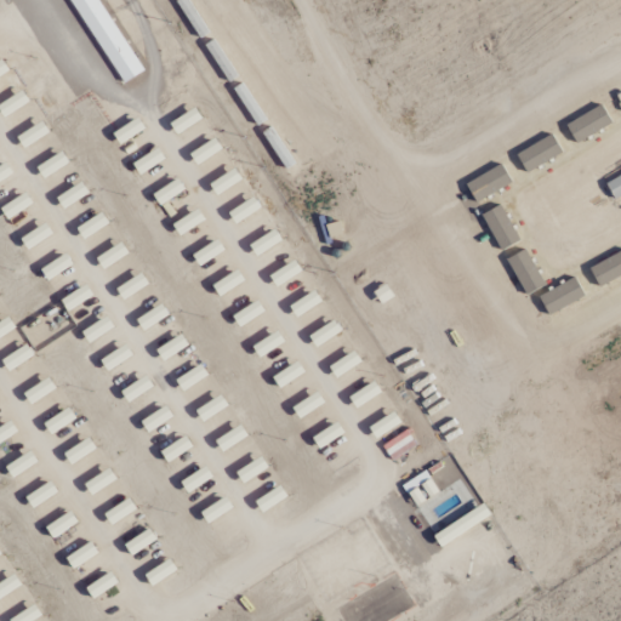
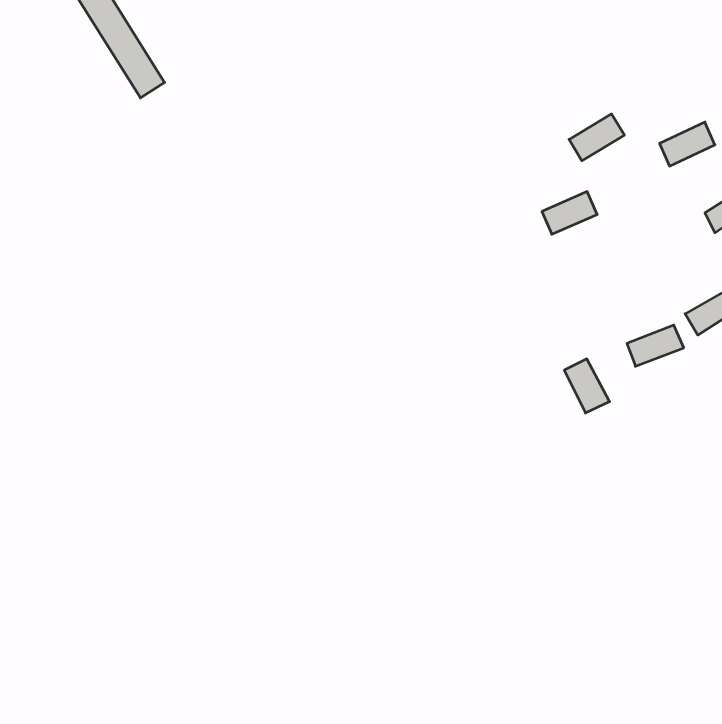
building: [517,132,564,172] -> [569,114,624,161]
building: [484,204,519,250] -> none
building: [507,247,546,294] -> [564,359,610,413]

